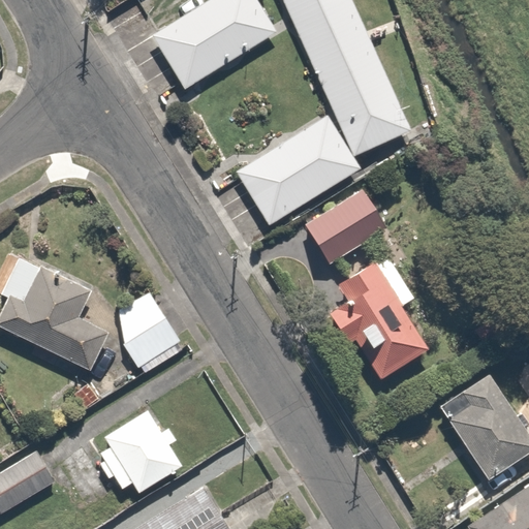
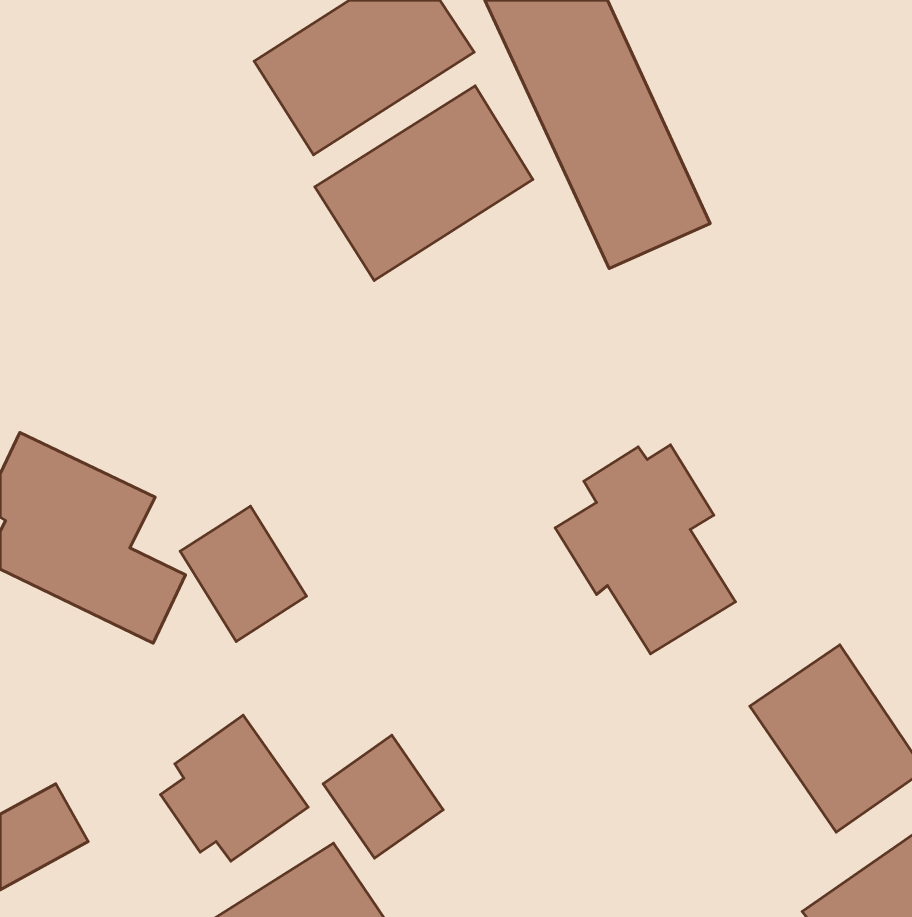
building: [235,115,360,226] -> [315,86,533,280]
building: [305,185,388,262] -> none
building: none -> [323,735,443,858]

